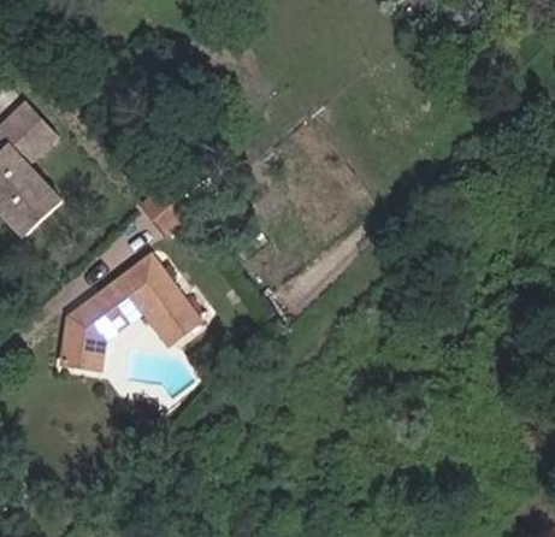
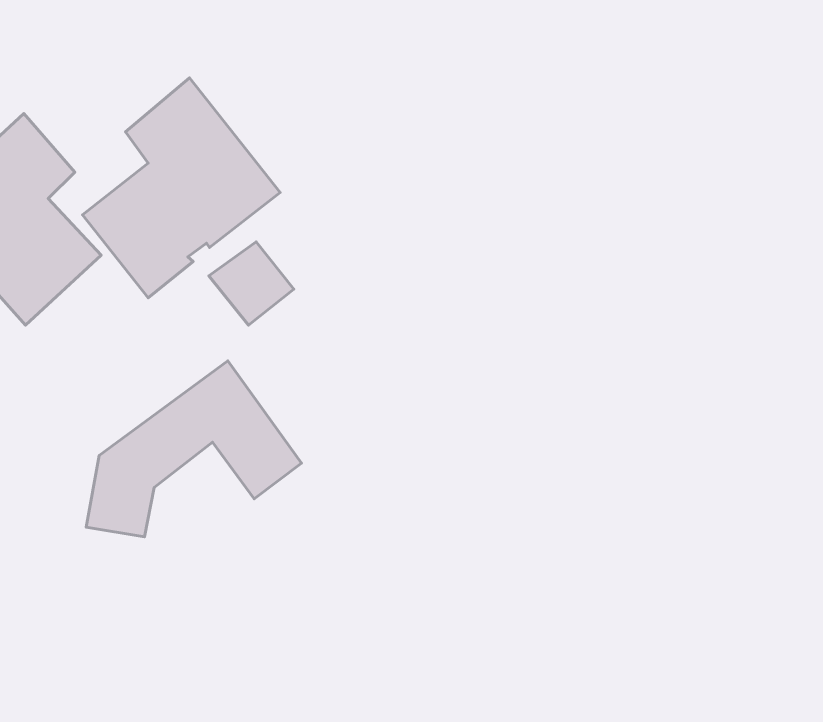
building: none -> [82,78,280,298]

